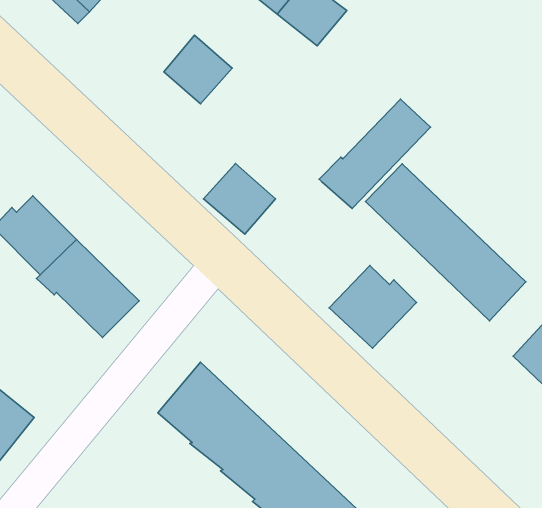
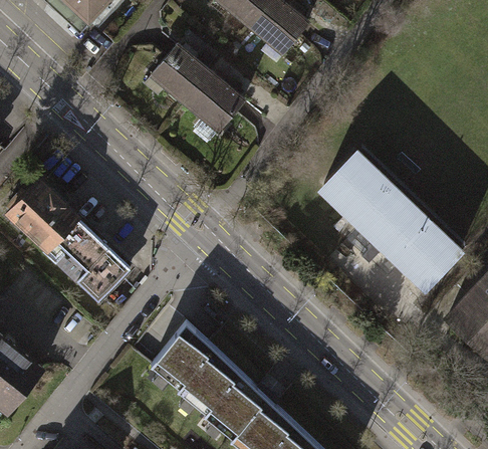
building: [319,99,430,209] -> none
building: [204,164,275,234] -> [183,71,244,132]
building: [329,266,416,348] -> none

